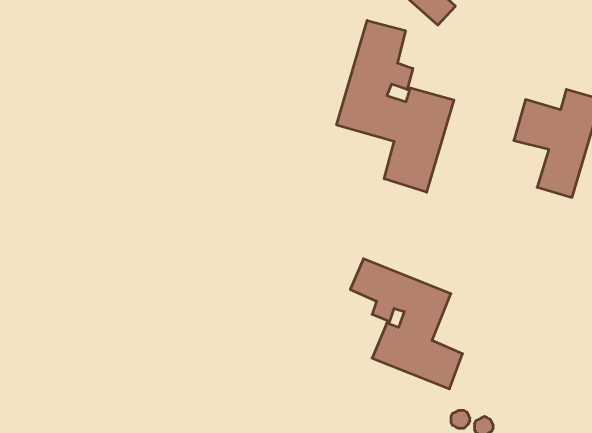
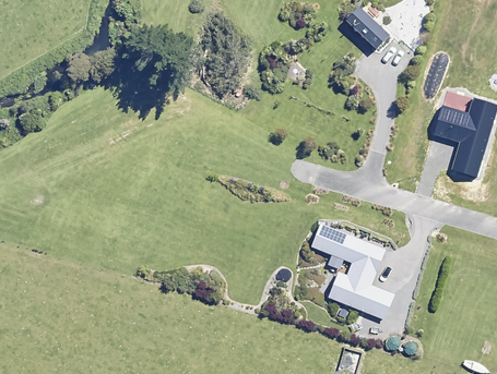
building: [337,20,454,192] -> none

